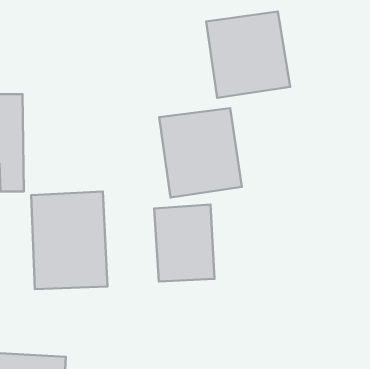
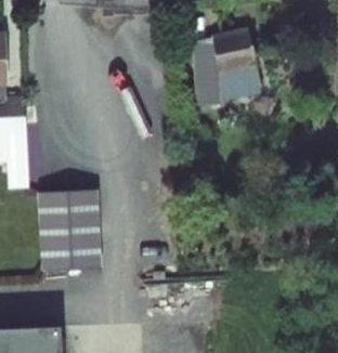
building: [159,108,242,197] -> none
building: [154,204,214,282] -> none

